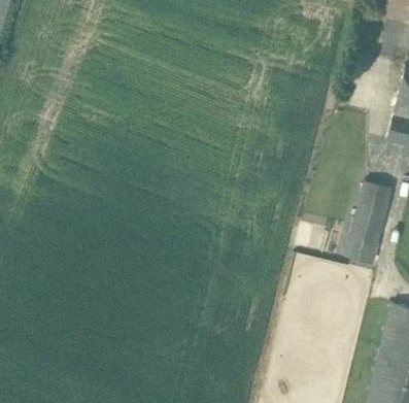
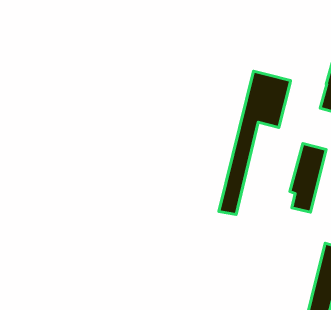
building: none -> [219,71,290,215]

